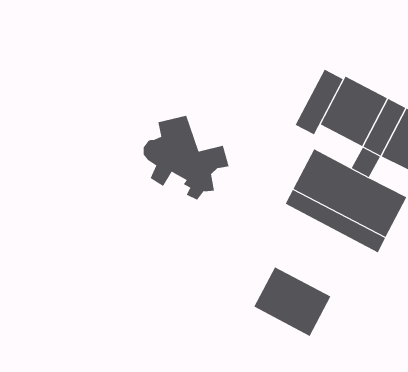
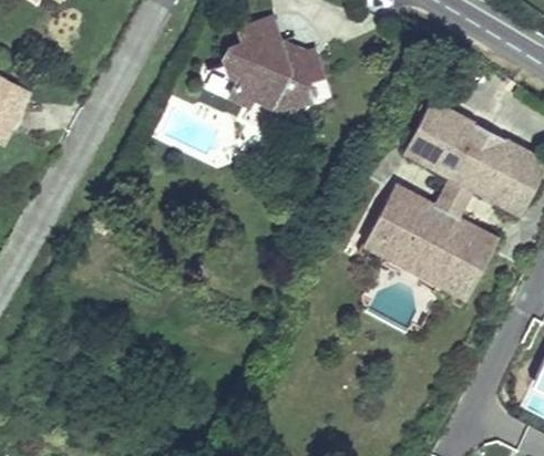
building: [295,69,344,135] -> none
building: [143,115,229,200] -> [217,21,316,118]
building: [253,266,331,337] -> none

